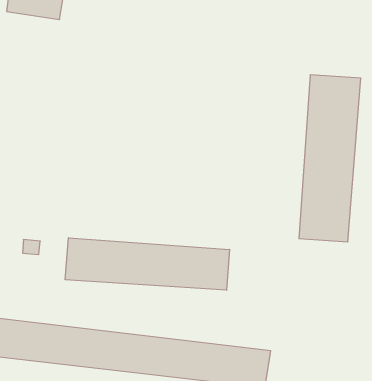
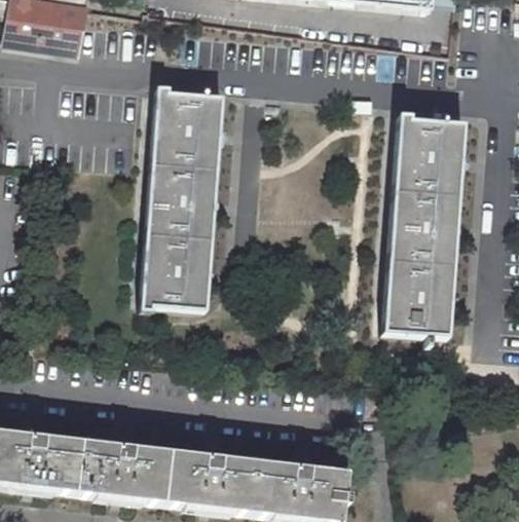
building: none -> [143,90,223,305]
building: [65,238,230,290] -> none

